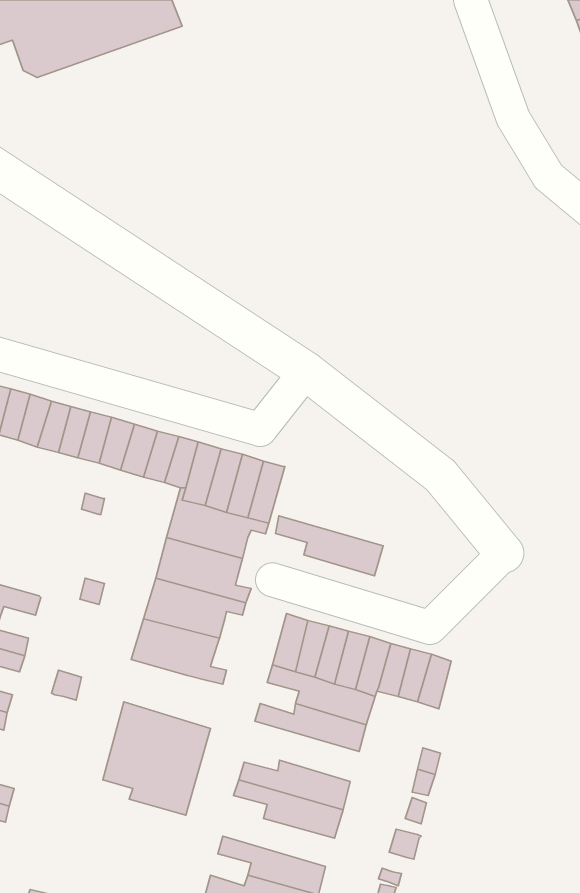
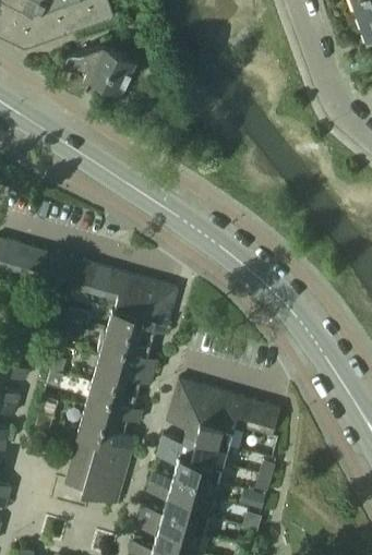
building: none -> [63,45,136,99]
building: [275,516,383,576] -> [157,446,224,483]
building: none -> [76,408,135,450]
building: none -> [140,506,208,535]

